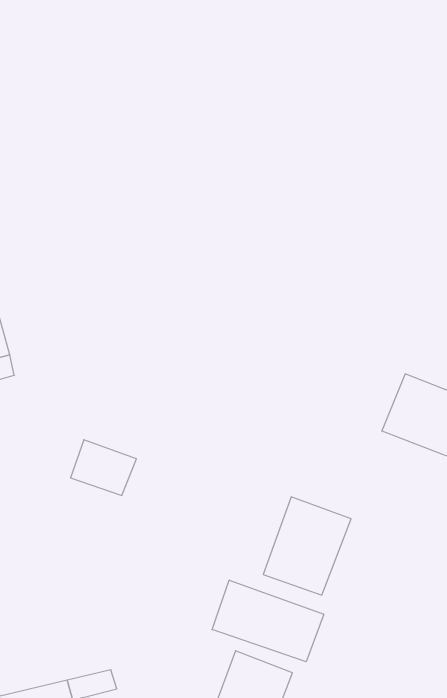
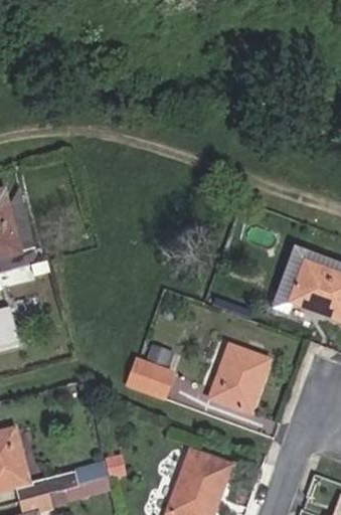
building: [71,440,136,495] -> [129,359,174,397]
building: [212,580,324,662] -> none

